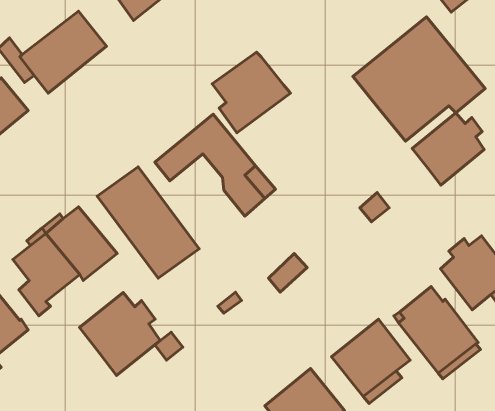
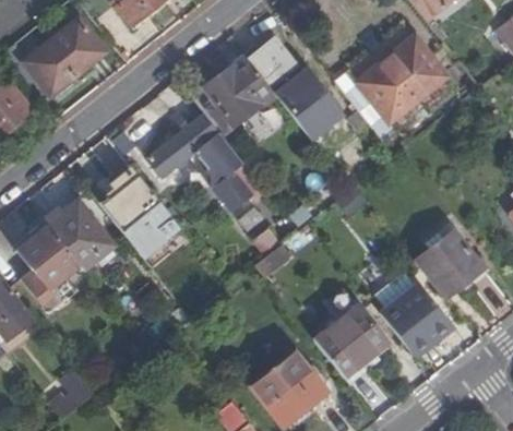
building: none -> [249,38,297,86]
building: none -> [275,67,345,139]
building: [412,113,484,185] -> none
building: [79,293,160,375] -> none

